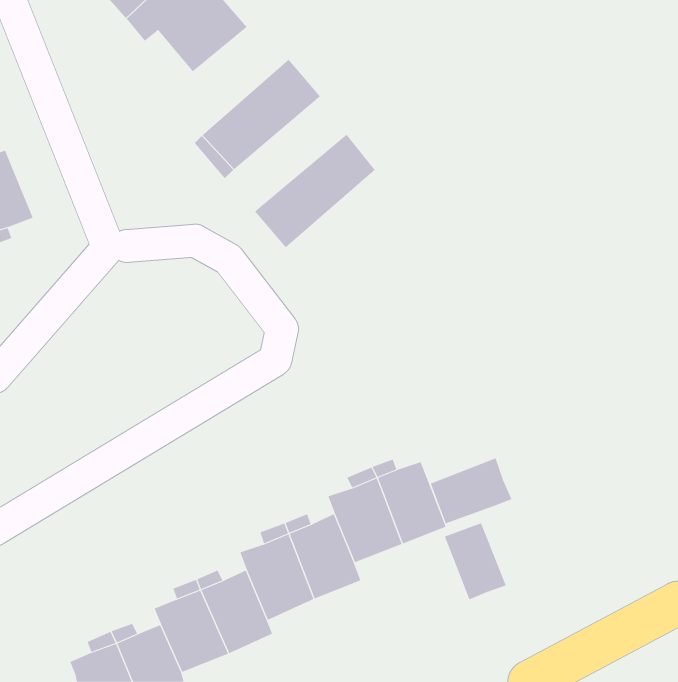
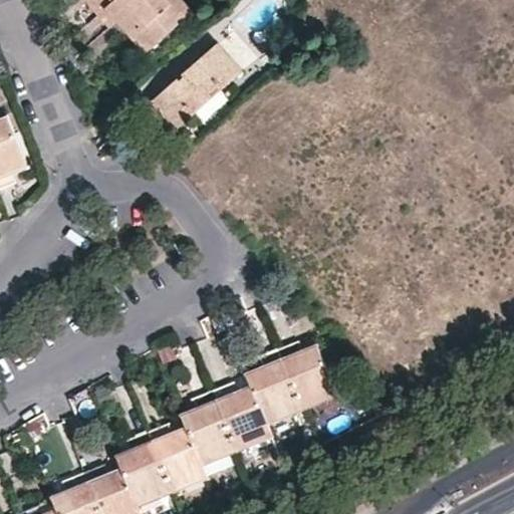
building: [254,134,376,248] -> none
building: [430,458,512,524] -> none
building: [444,523,507,600] -> none

